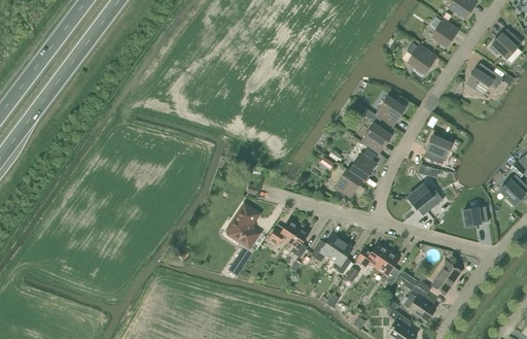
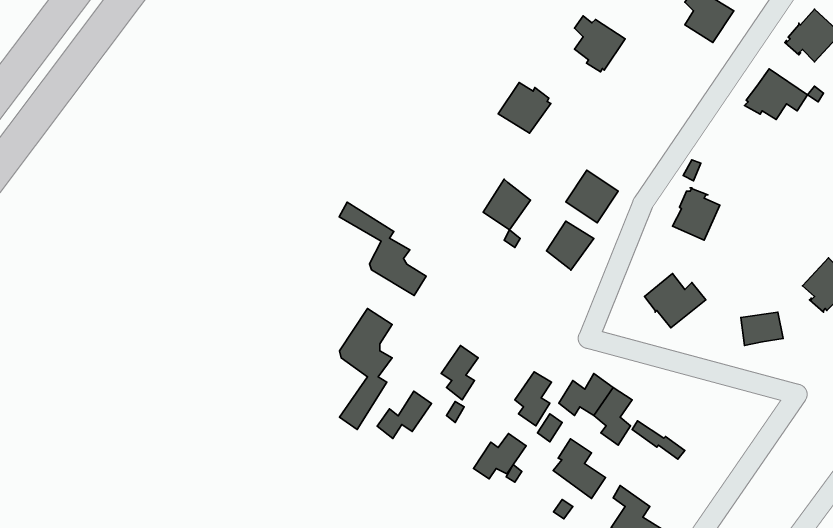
building: [407,42,436,75] -> [574,16,625,72]
building: [375,96,406,126] -> [498,82,551,133]
building: none -> [339,202,426,295]
building: [335,168,362,198] -> [483,179,531,230]
building: [267,218,298,246] -> [377,391,432,438]
building: [311,234,342,261] -> [473,433,526,479]
building: [431,262,461,294] -> none
building: [403,285,434,320] -> [553,439,606,499]

